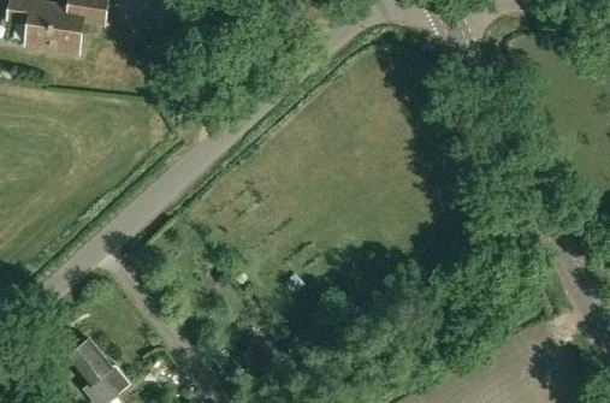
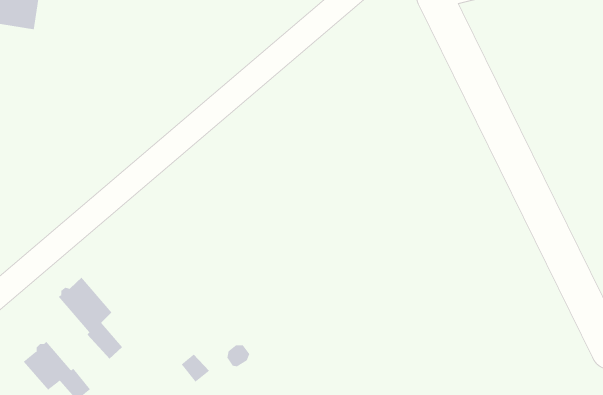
building: none -> [58,277,123,359]

